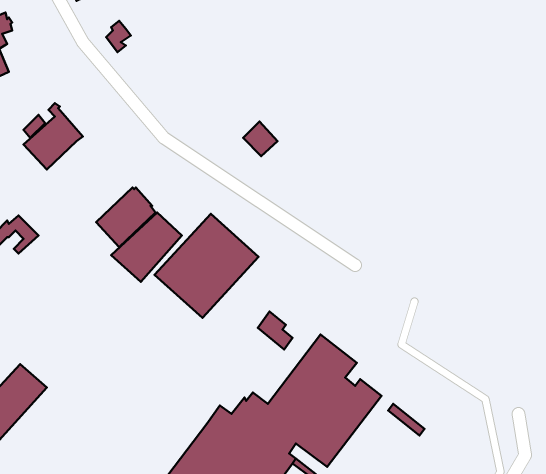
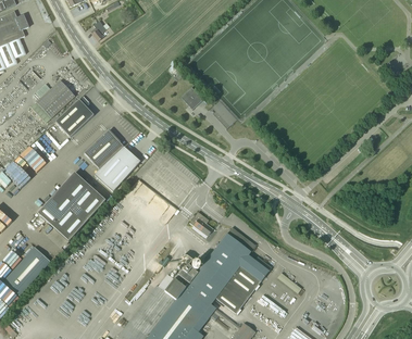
building: none -> [55,99,93,137]
building: [155,214,259,318] -> [37,172,105,240]

